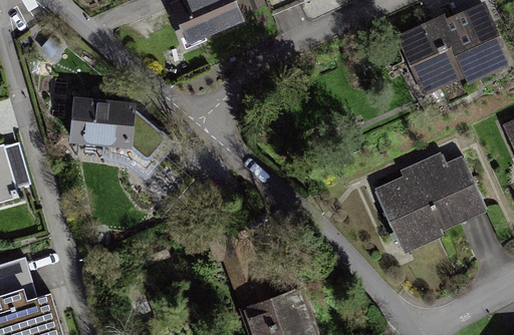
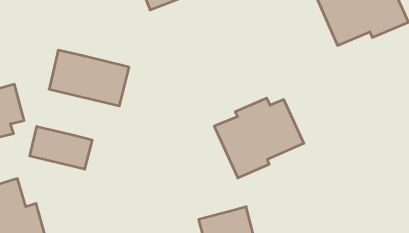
building: [374,150,486,250] -> [214,98,304,178]
building: none -> [30,126,92,169]

